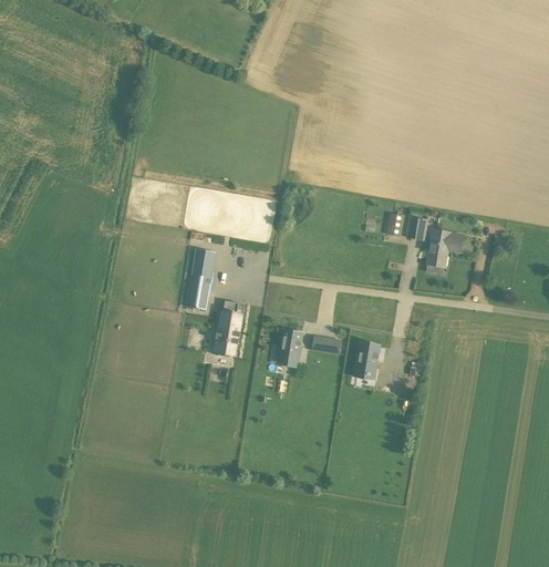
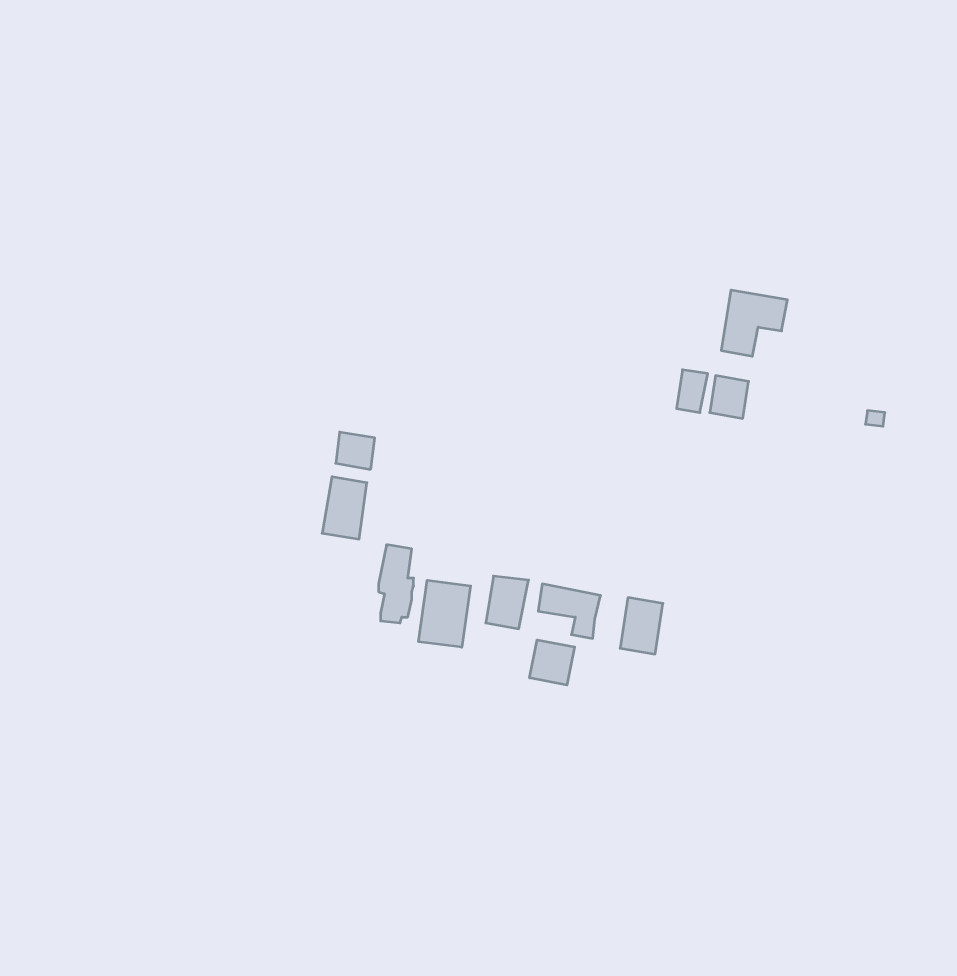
building: [425,229,463,267] -> [721,290,787,356]
building: none -> [419,580,471,647]
building: none -> [530,640,575,685]

